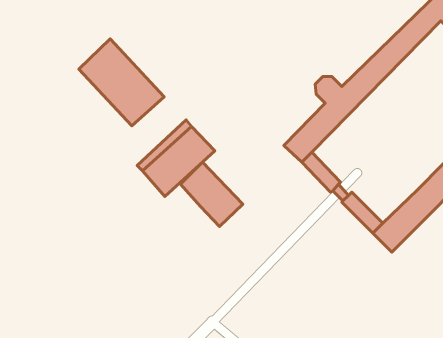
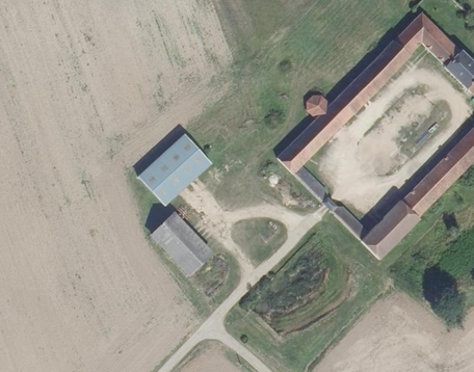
building: [79,39,164,126] -> none
building: [180,162,243,227] -> [154,214,212,274]

